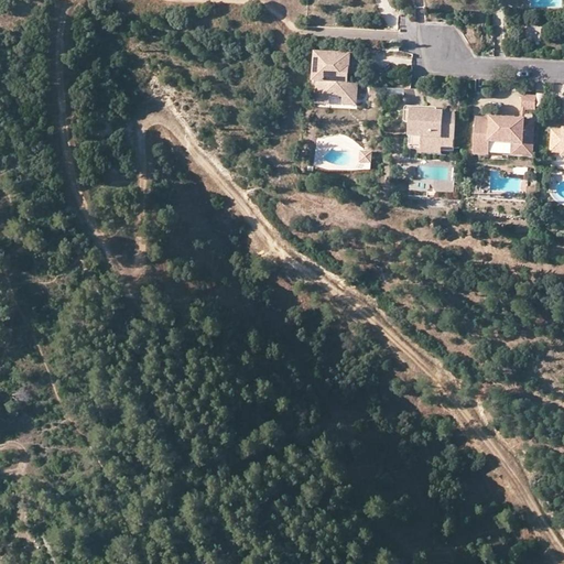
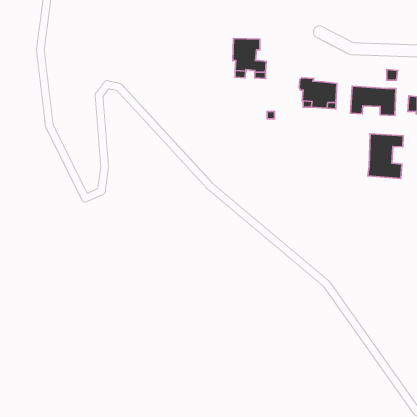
building: none -> [368,134,403,178]

